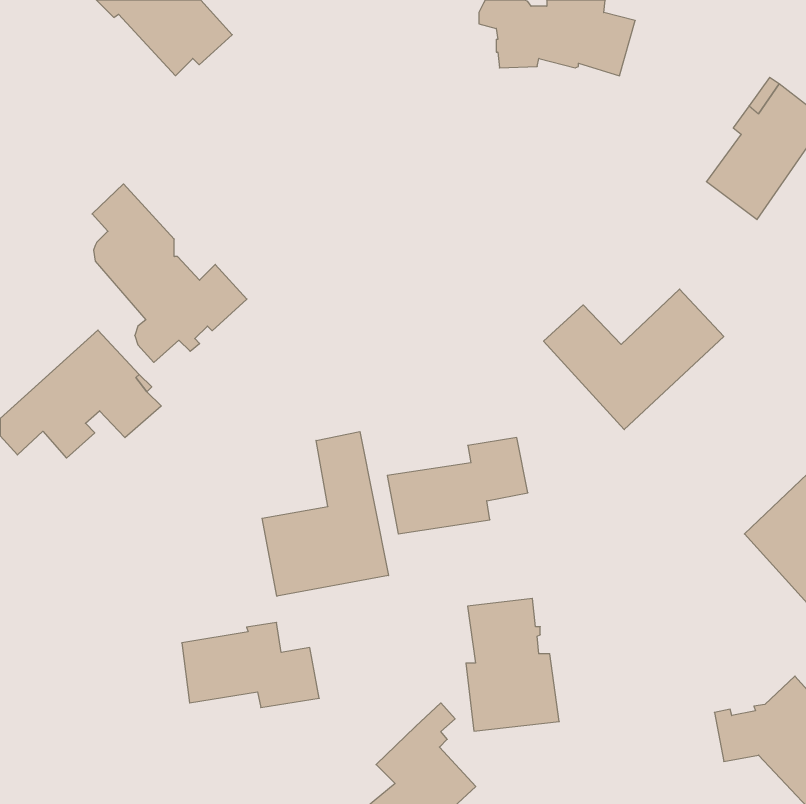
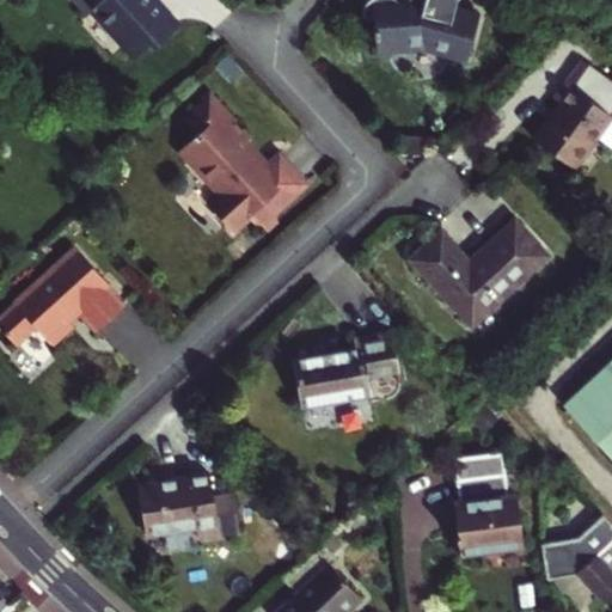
building: [92,184,247,362] -> [186,99,304,234]
building: [262,432,388,596] -> none
building: [466,598,559,731] -> [454,454,525,555]

